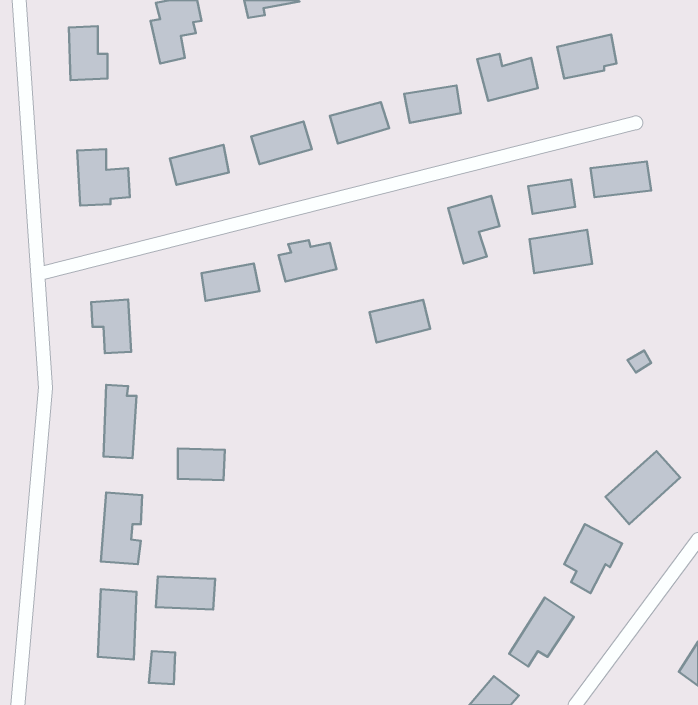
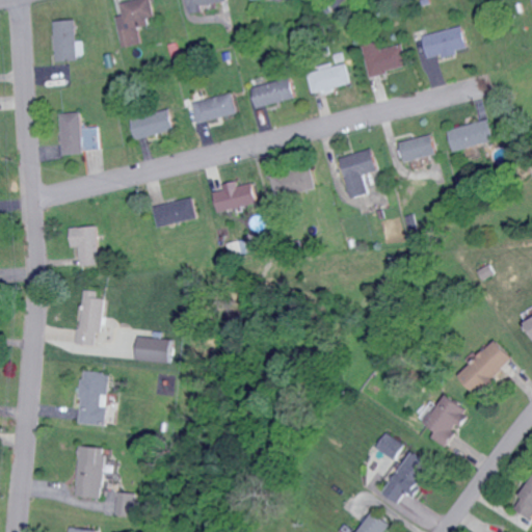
building: [529,230,592,273] -> none
building: [370,300,430,342] -> [267,167,313,200]
building: none -> [373,432,401,459]
building: [156,576,215,610] -> none

